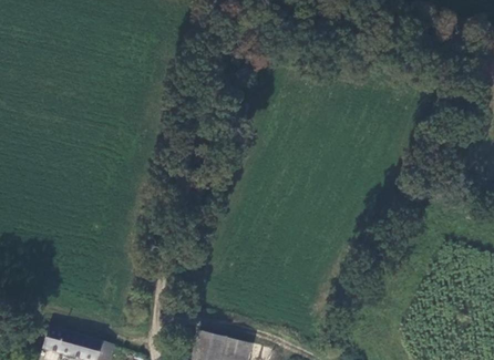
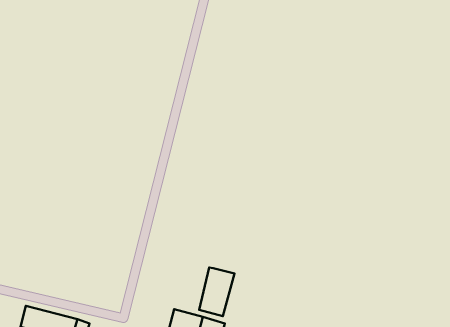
building: none -> [199,267,234,316]

